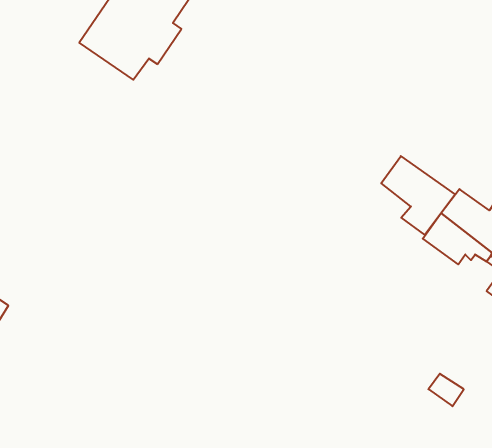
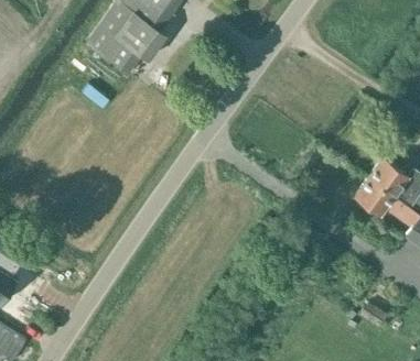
building: [381,156,455,235] -> none

